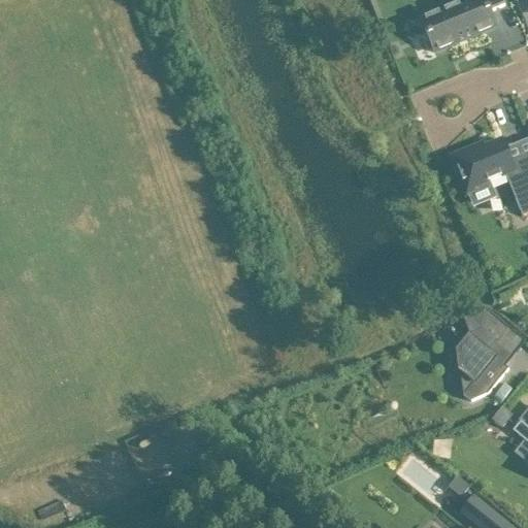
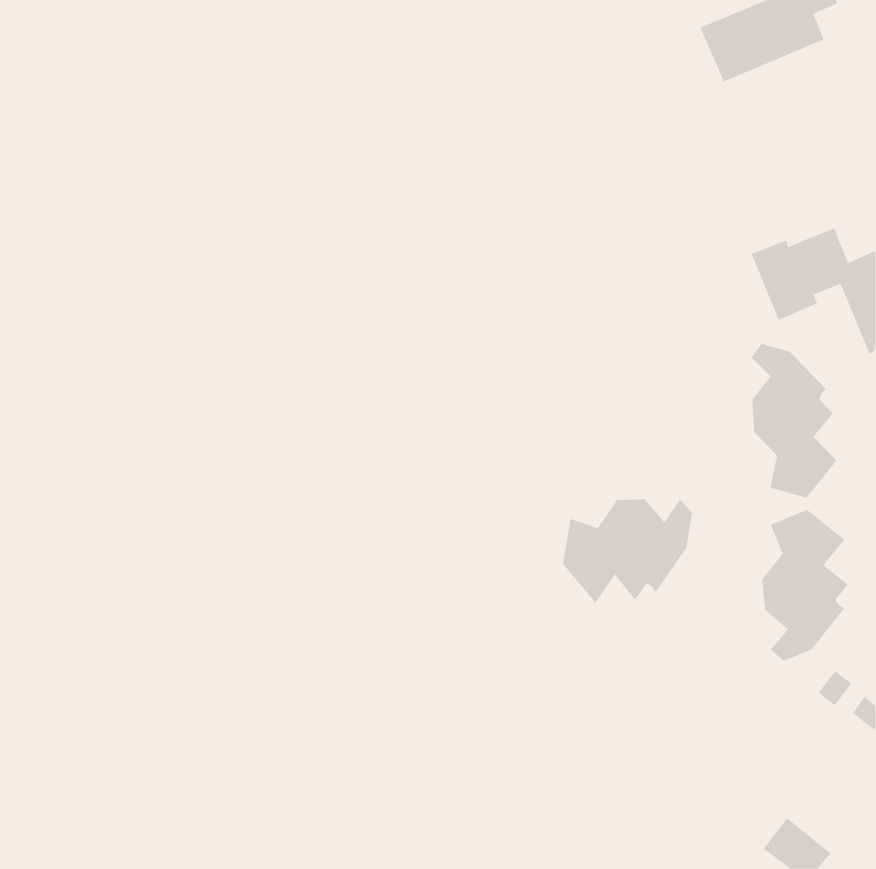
building: none -> [751,343,837,498]
building: none -> [562,498,693,604]

